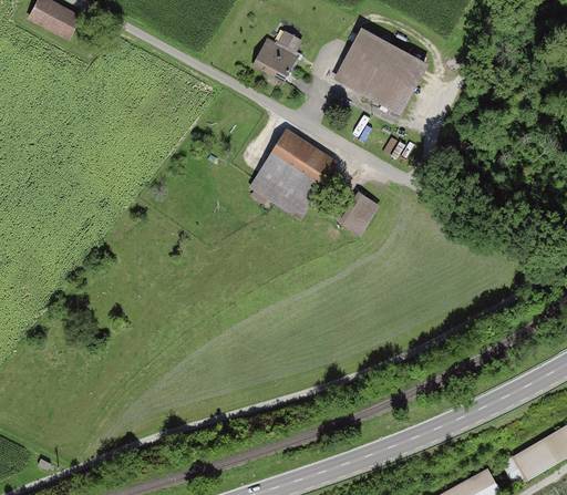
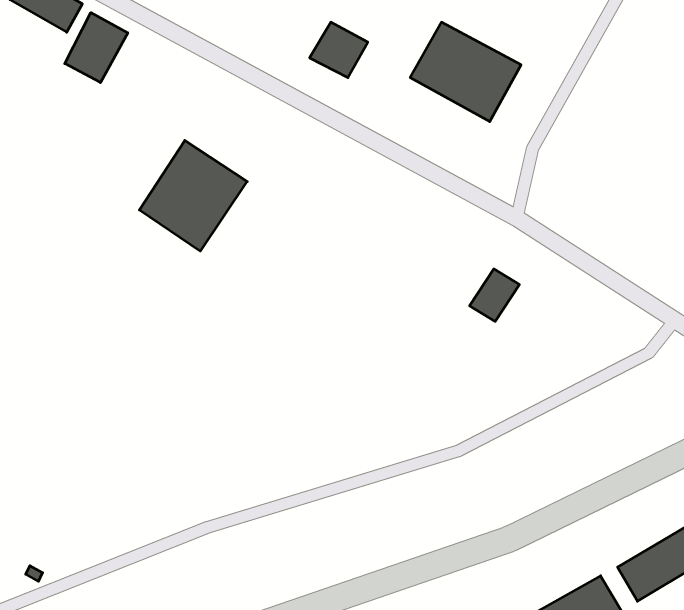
building: none -> [65,13,128,83]
building: [251,132,336,218] -> [139,140,247,251]
building: [340,195,379,236] -> [470,269,519,321]

